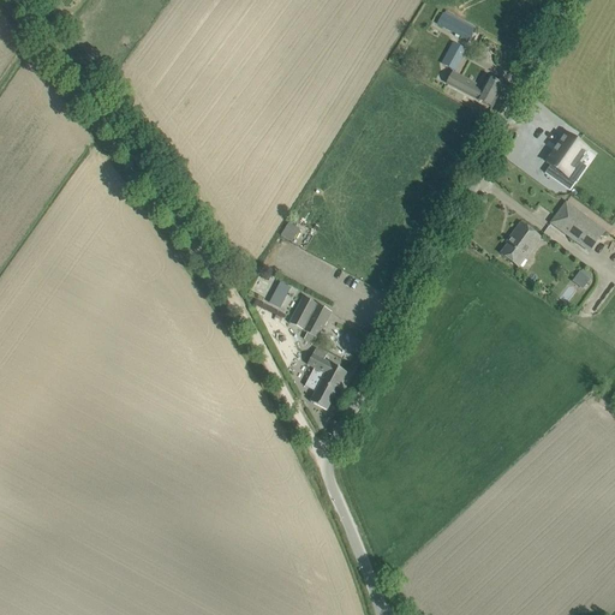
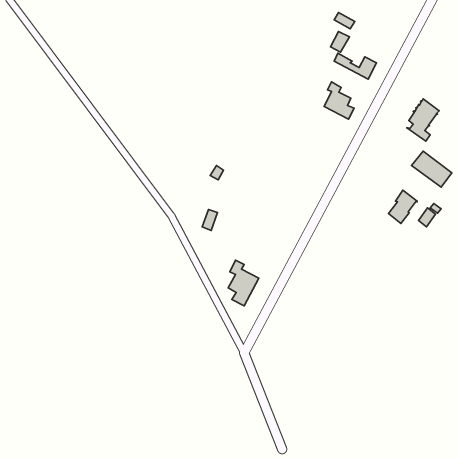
building: none -> [324,82,354,119]
building: [501,221,539,265] -> [388,190,417,224]
building: [289,295,330,342] -> none

